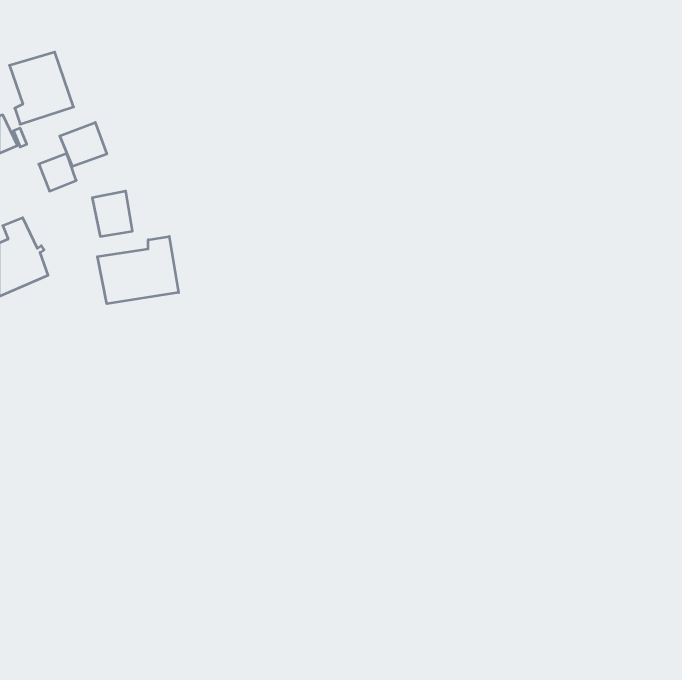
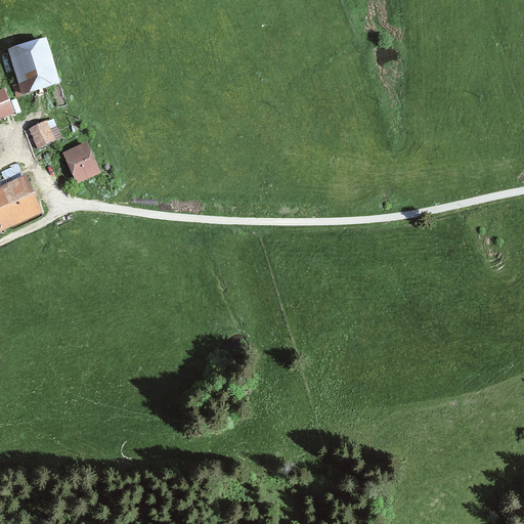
building: [60,122,107,167] -> none
building: [97,236,179,304] -> none

